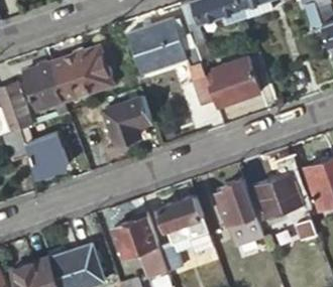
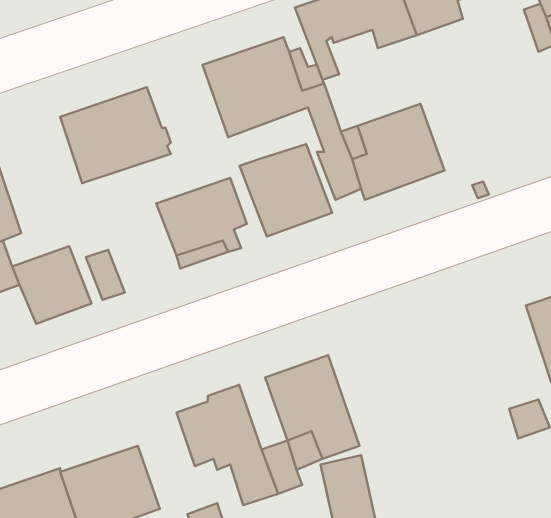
building: [22,64,63,111] -> none
building: none -> [240,144,332,236]
building: [254,171,307,218] -> none
building: [218,178,263,244] -> none

